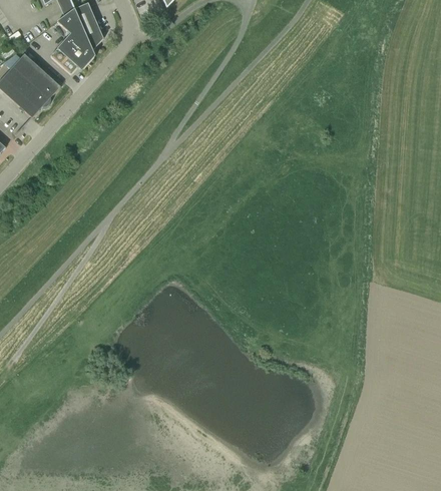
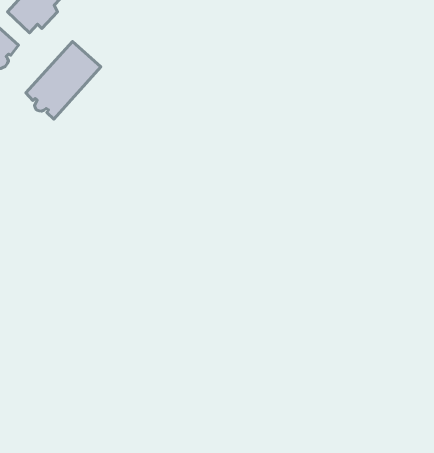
building: none -> [26,42,101,119]

